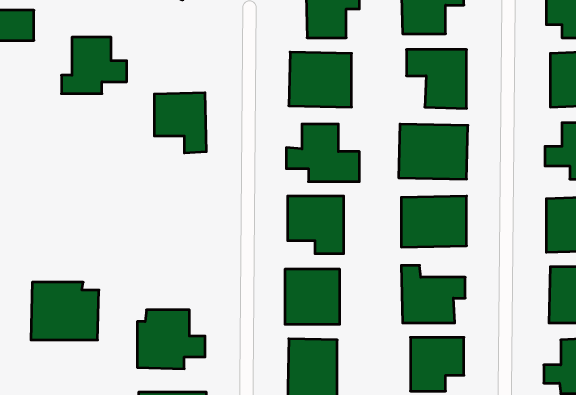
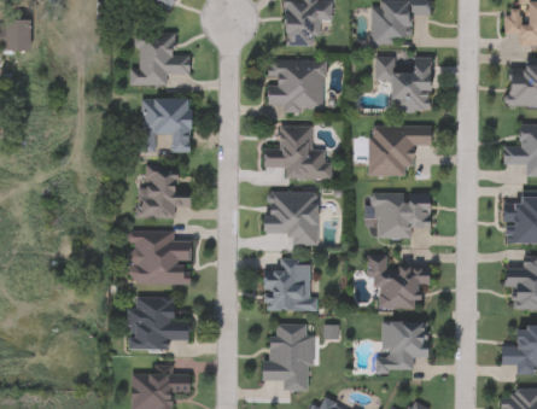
building: [61,37,127,94] -> [130,33,191,84]
building: none -> [139,171,191,218]
building: [31,282,99,340] -> [129,232,192,285]

